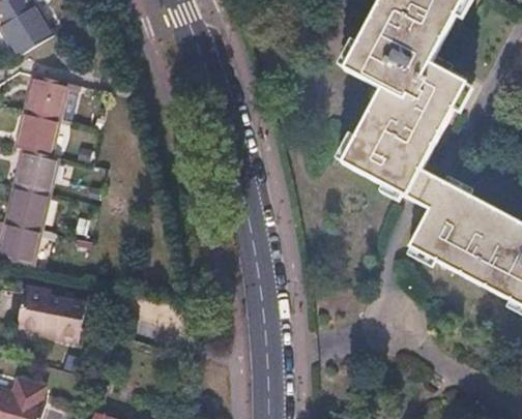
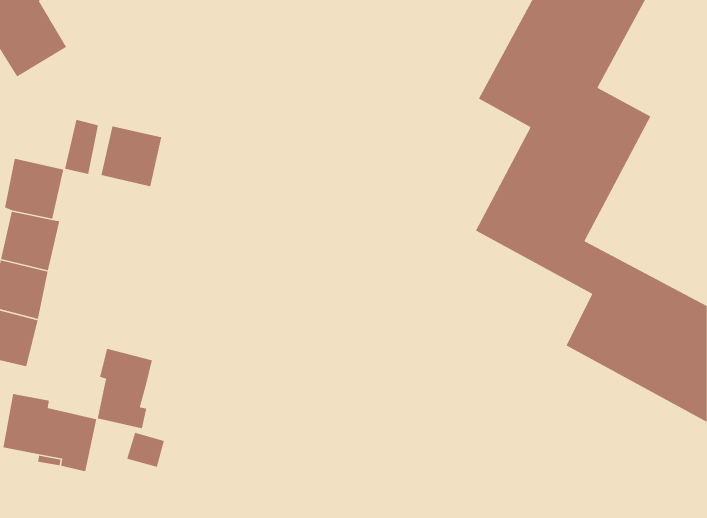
building: [20,79,64,123] -> [100,125,162,187]
building: none -> [97,348,153,429]

